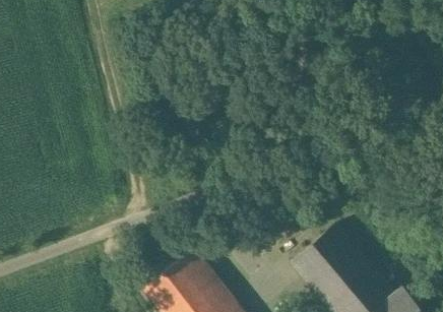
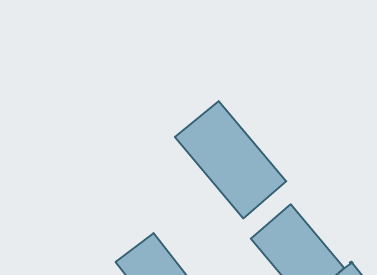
building: none -> [175,101,286,218]

